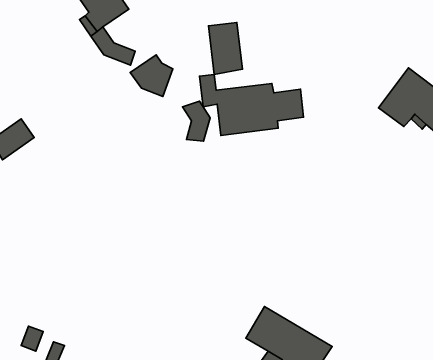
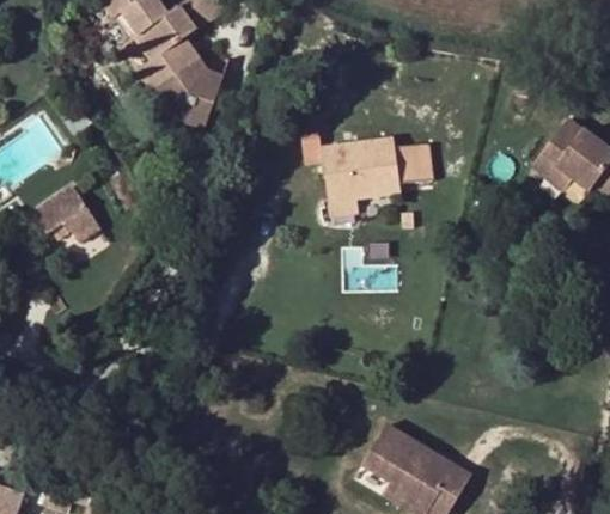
building: [209,23,243,74] -> none
building: [130,55,173,97] -> [175,44,230,98]
building: [182,101,210,141] -> none

